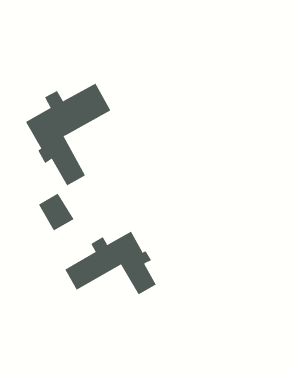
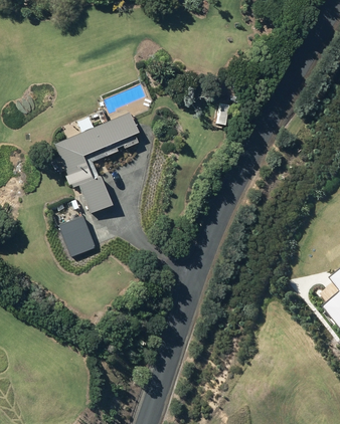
building: [64,231,157,295] -> none

